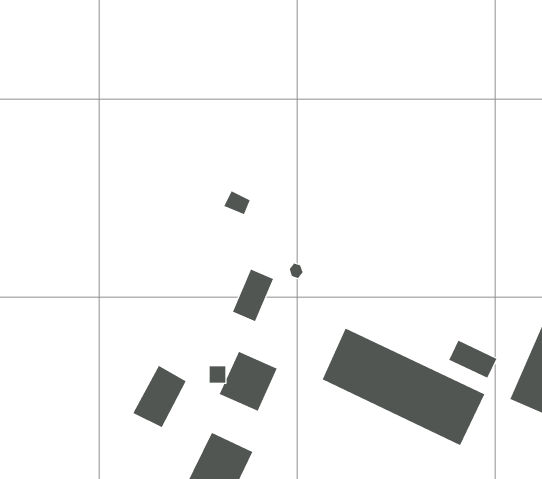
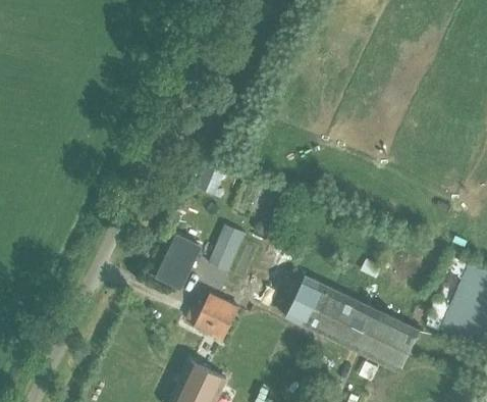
building: [448,340,497,379] -> none
building: [133,365,187,428] -> [159,234,204,286]

